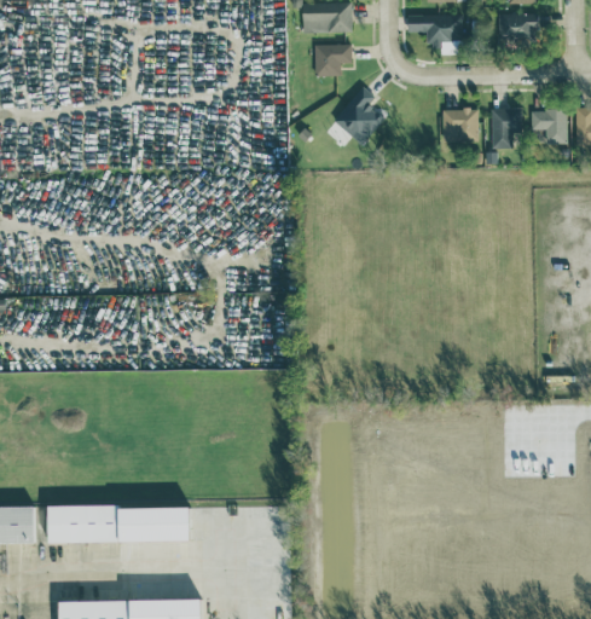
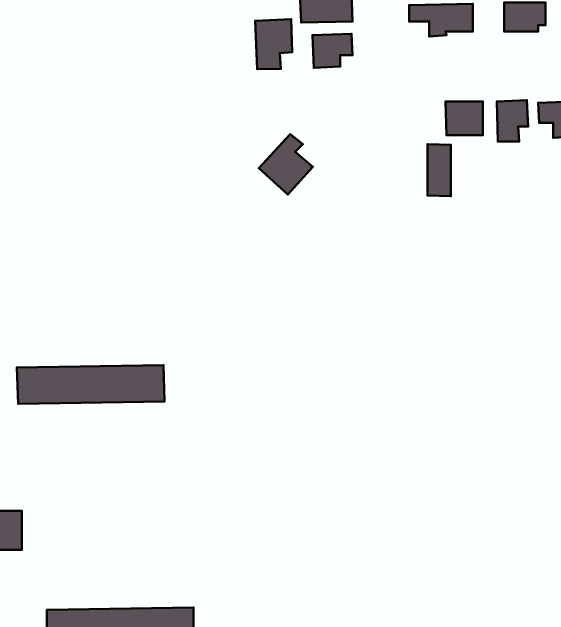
building: none -> [255,19,292,69]
building: [334,88,386,146] -> [259,134,313,194]
building: none -> [427,144,451,196]
building: [46,504,189,542] -> [17,365,165,404]

